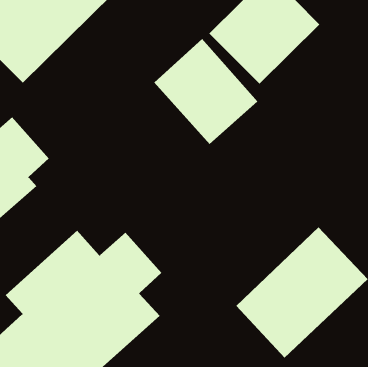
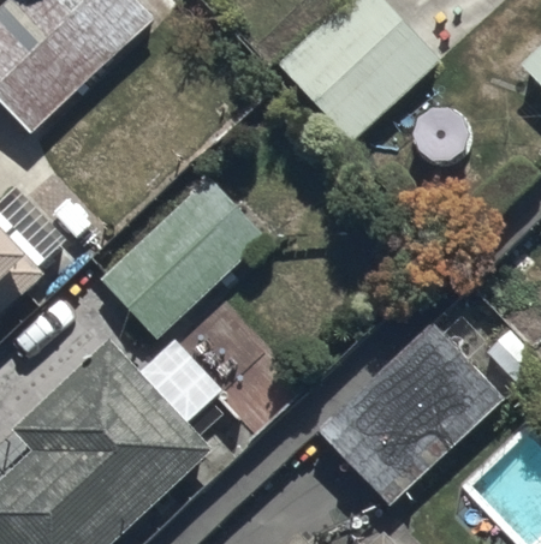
building: [153,38,258,145] -> none
building: none -> [95,172,271,341]

